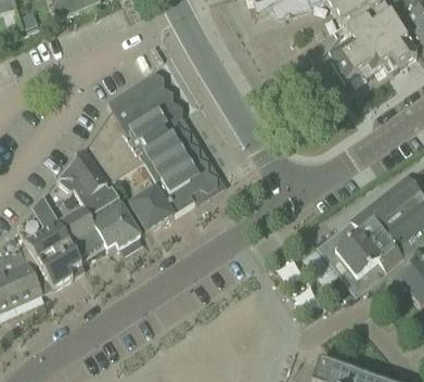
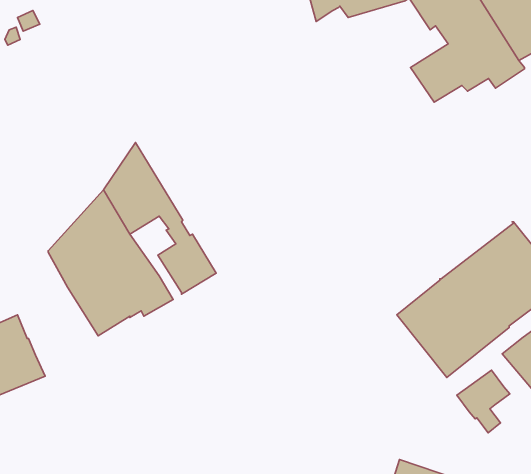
building: [108,73,219,214] -> none
building: [20,199,83,295] -> none
building: none -> [457,370,510,433]

